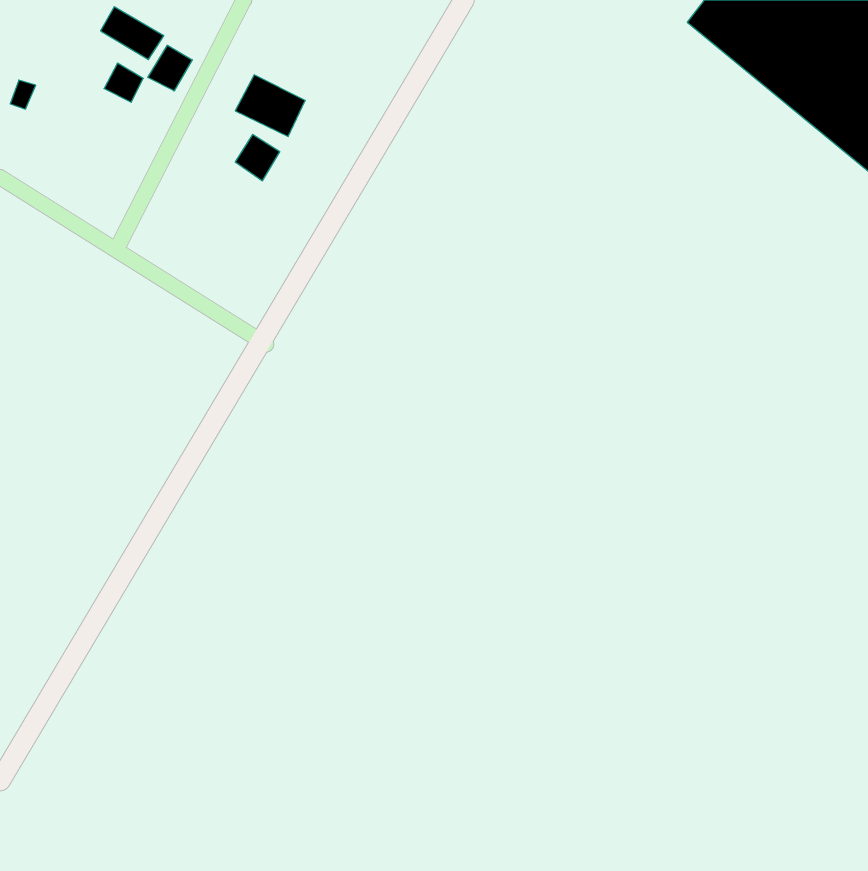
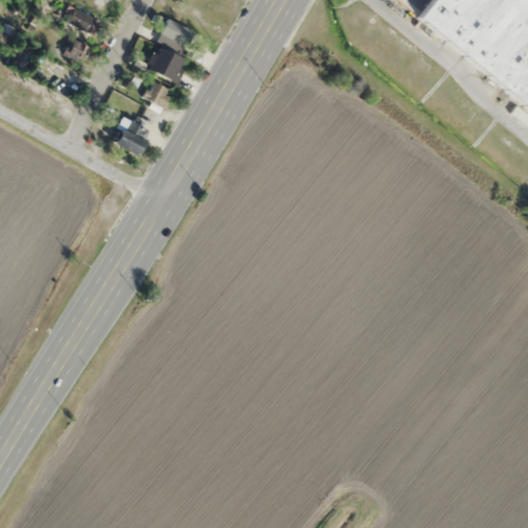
building: none -> [158,19,194,52]
building: [148,45,192,91] -> none
building: none -> [113,119,151,156]

